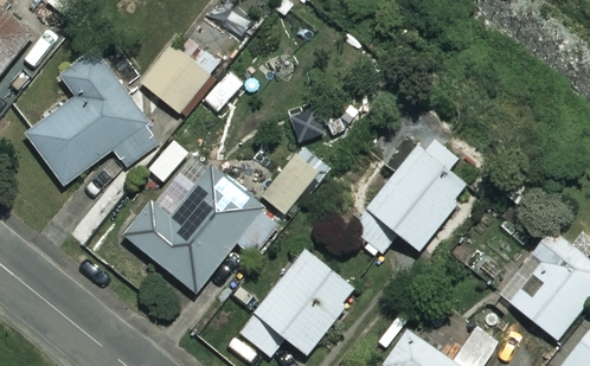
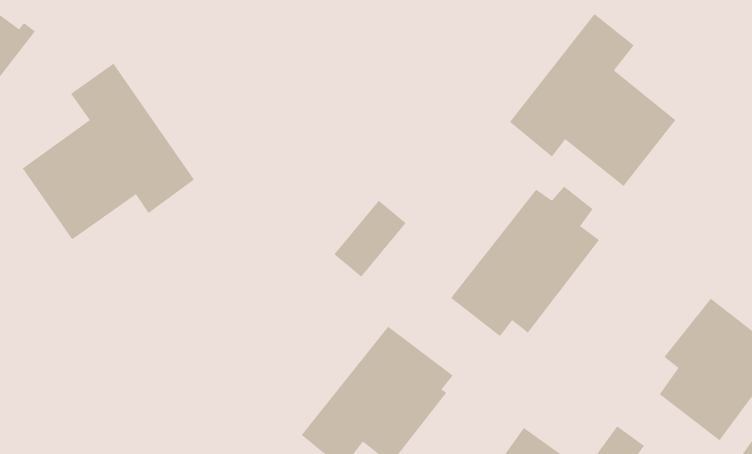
building: none -> [509,13,676,187]
building: [141,41,219,111] -> none
building: [124,152,277,300] -> none

